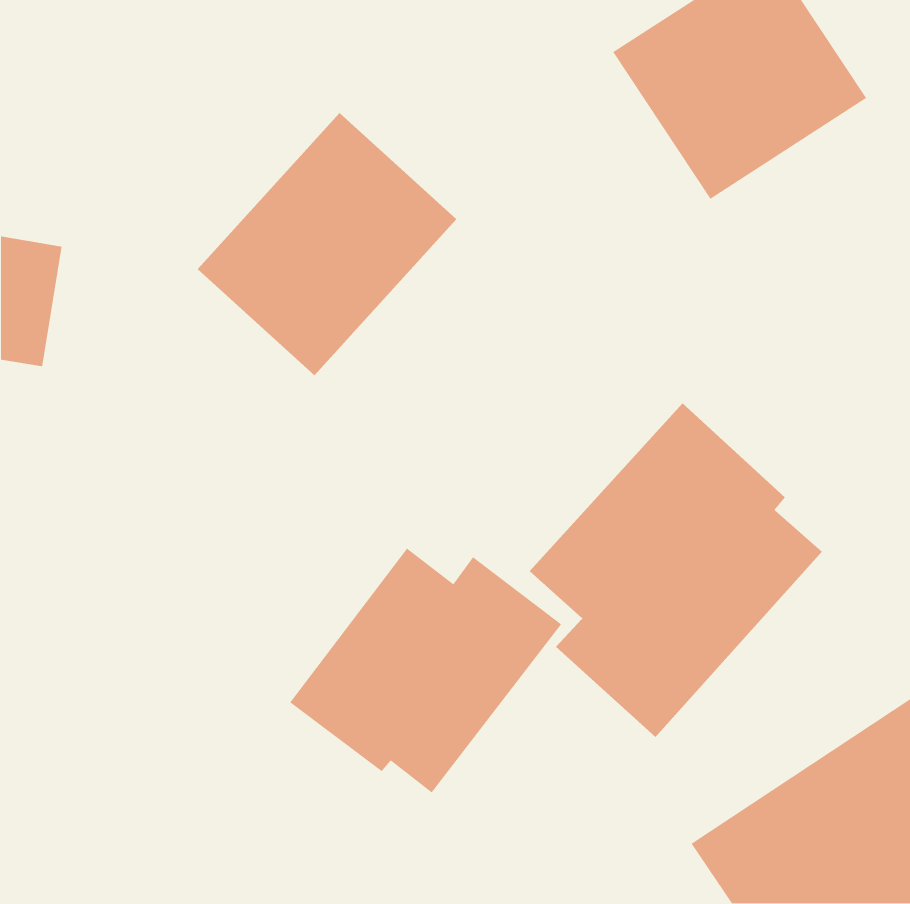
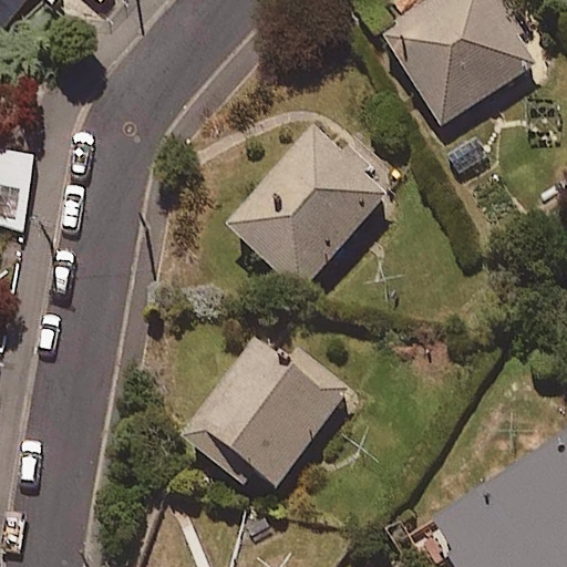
building: [197,112,457,376] -> [225,127,386,291]
building: [529,402,823,738] -> none

